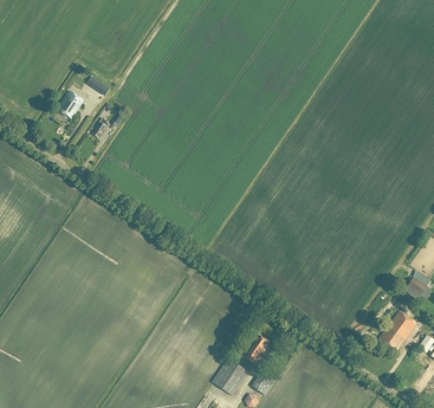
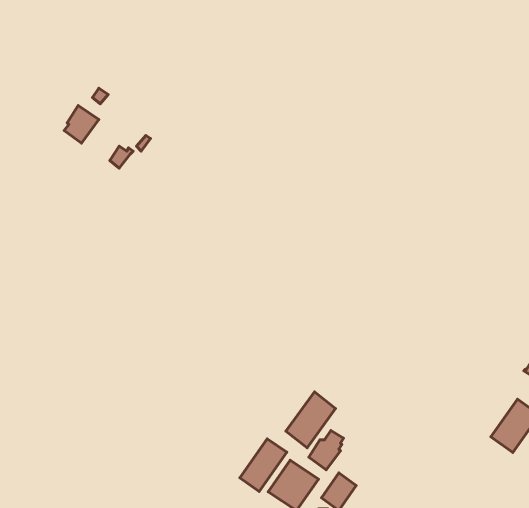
building: none -> [286,392,336,448]
building: none -> [240,439,287,492]

